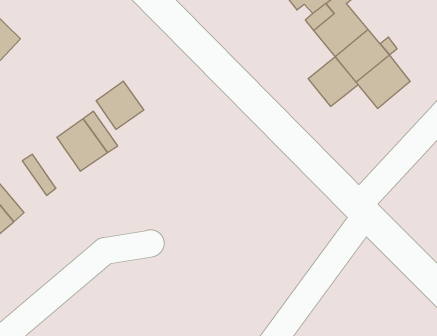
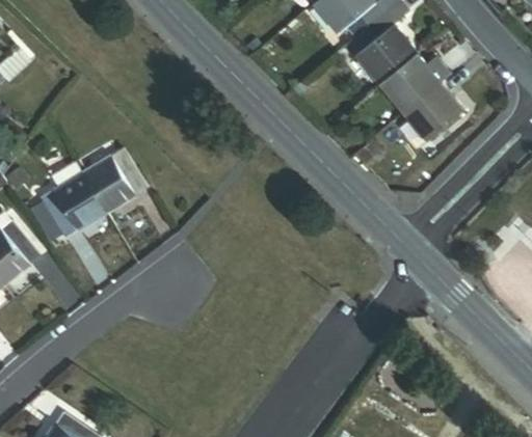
building: [308,57,358,106] -> none
building: [96,81,144,129] -> none
building: none -> [46,174,99,230]

